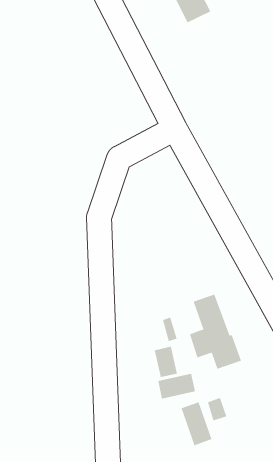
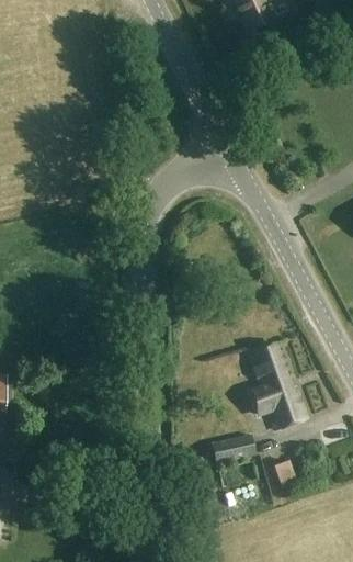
building: [154,346,177,378] -> none
building: [181,401,212,446] -> none

